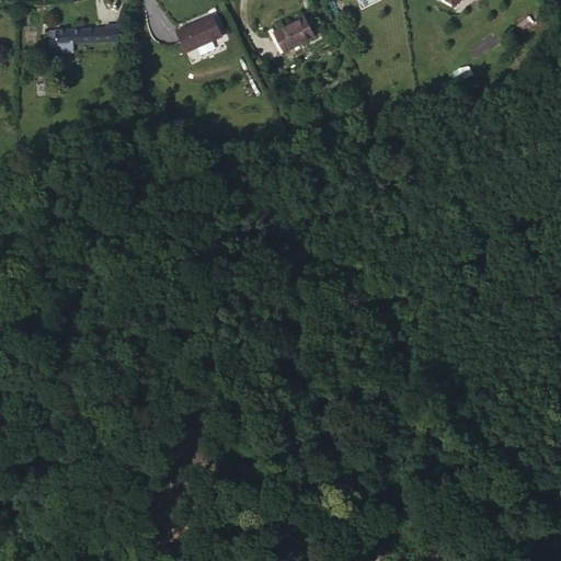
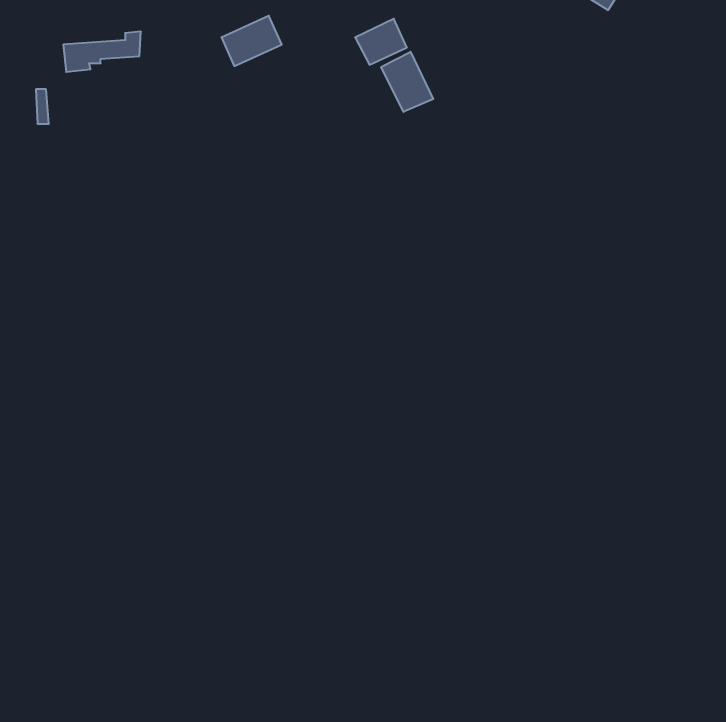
building: none -> [381,52,433,112]

